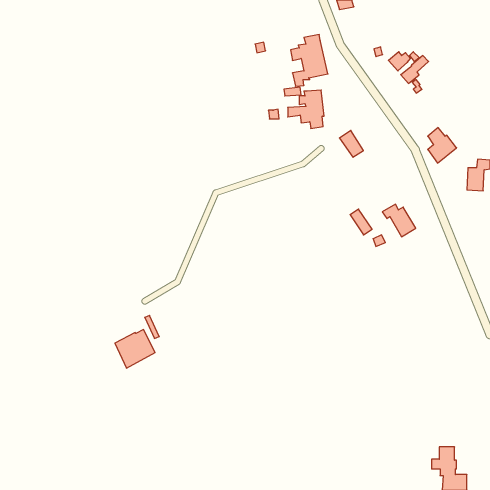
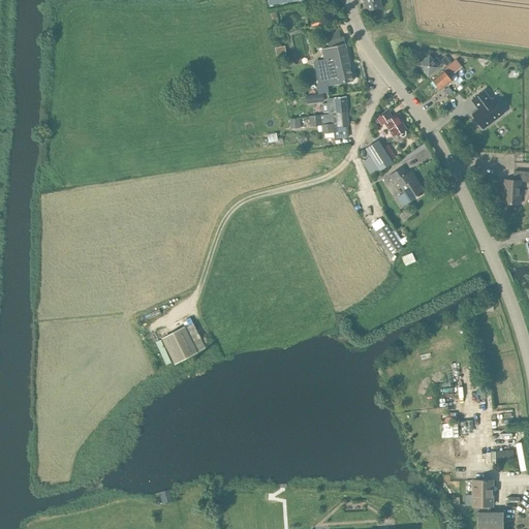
building: none -> [378,112,407,137]
building: [428,128,457,163] -> [472,91,503,129]
building: [382,204,416,237] -> [388,166,425,201]
building: [115,330,155,368] -> [162,322,206,364]

